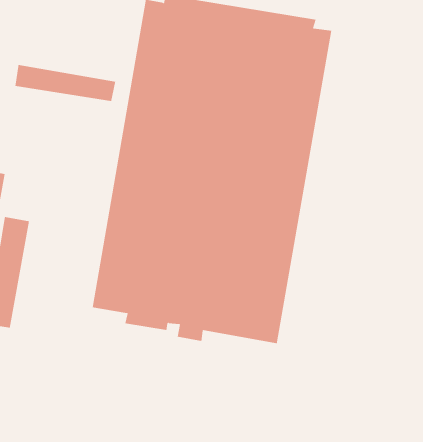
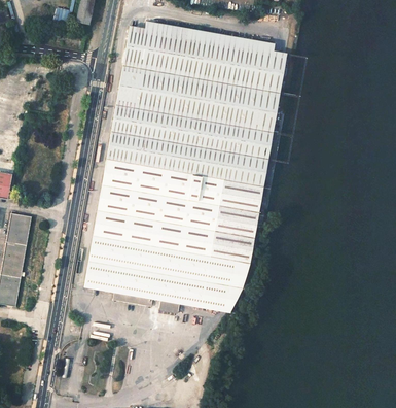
building: [15,64,116,102] -> none

